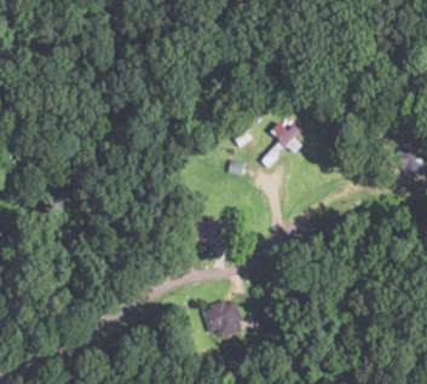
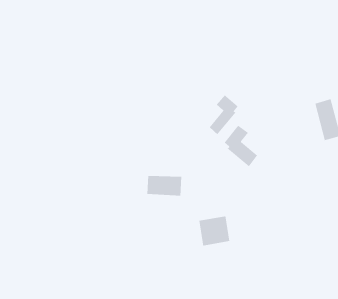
building: none -> [224,125,258,167]
building: [202,299,241,337] -> [198,216,230,246]

